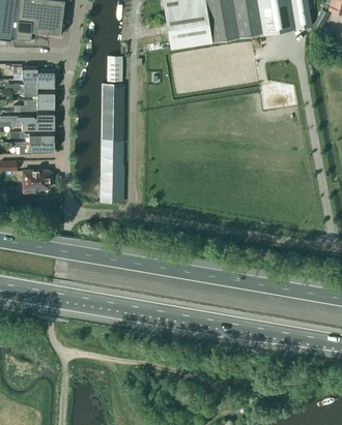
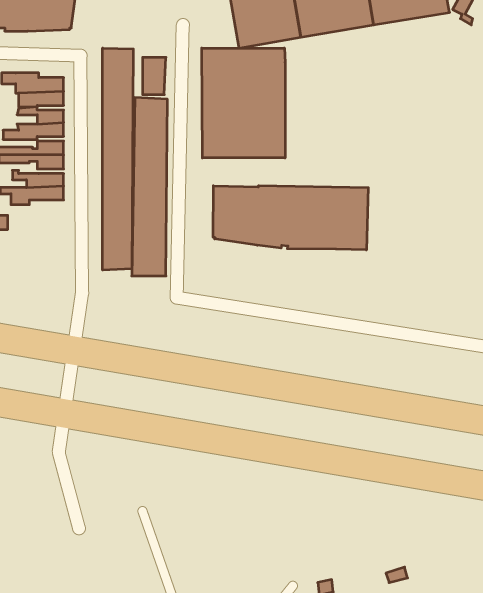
building: none -> [202,48,285,158]
building: none -> [103,48,133,270]
building: none -> [213,186,368,250]
building: [23,170,52,192] -> none

